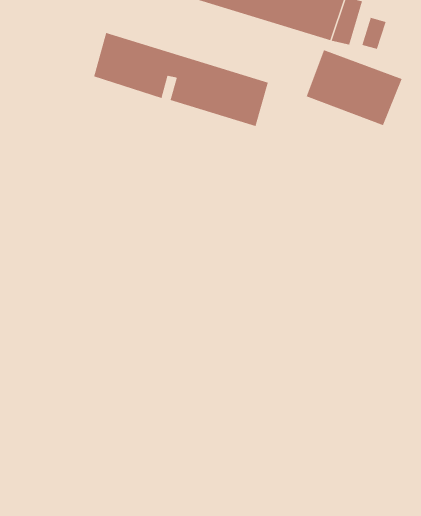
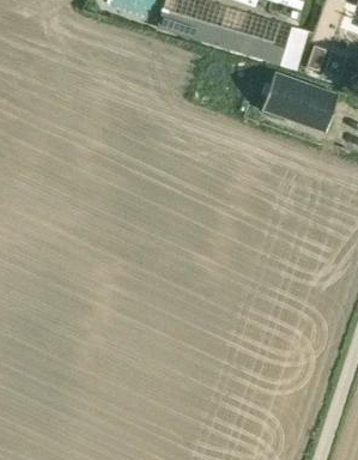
building: [93,32,268,127] -> none

